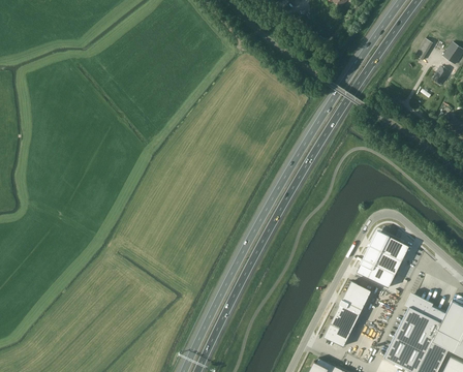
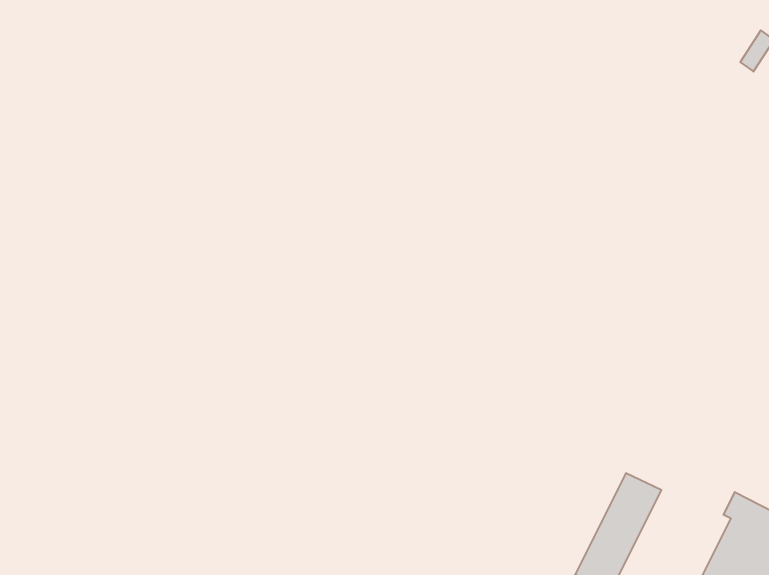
building: [354,237,404,290] -> none

